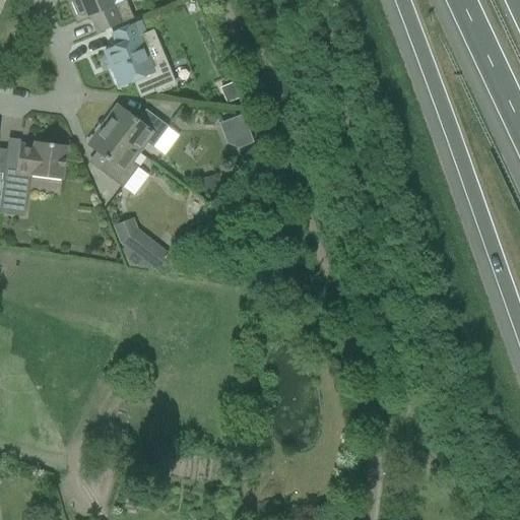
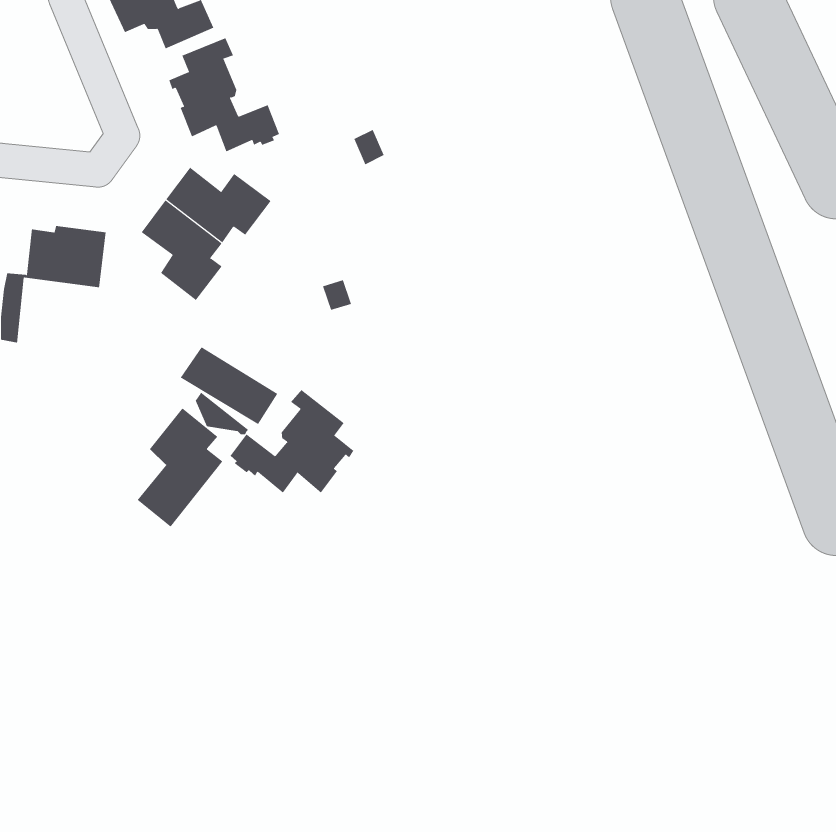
building: [220,112,252,147] -> none
building: none -> [230,389,354,493]
building: none -> [137,408,223,528]

